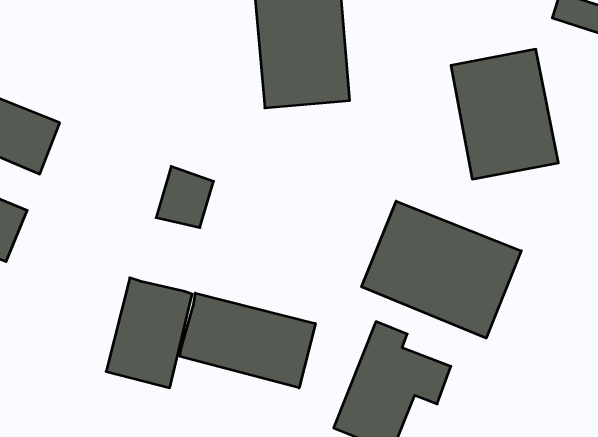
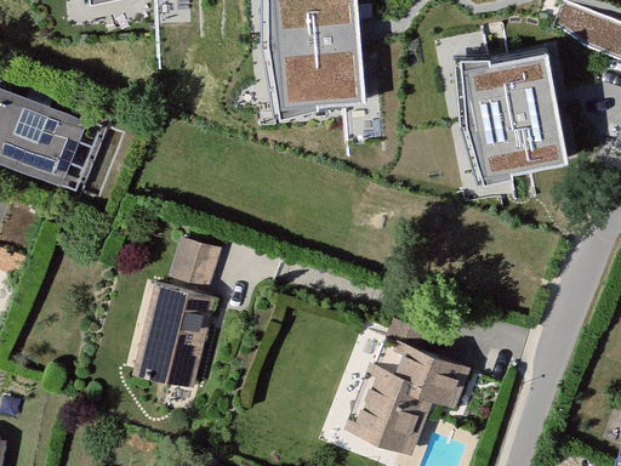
building: [156,166,214,228] -> [163,234,218,294]
building: [362,201,521,338] -> none
building: [180,293,315,388] -> none

